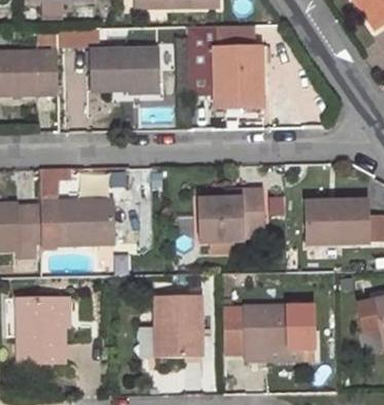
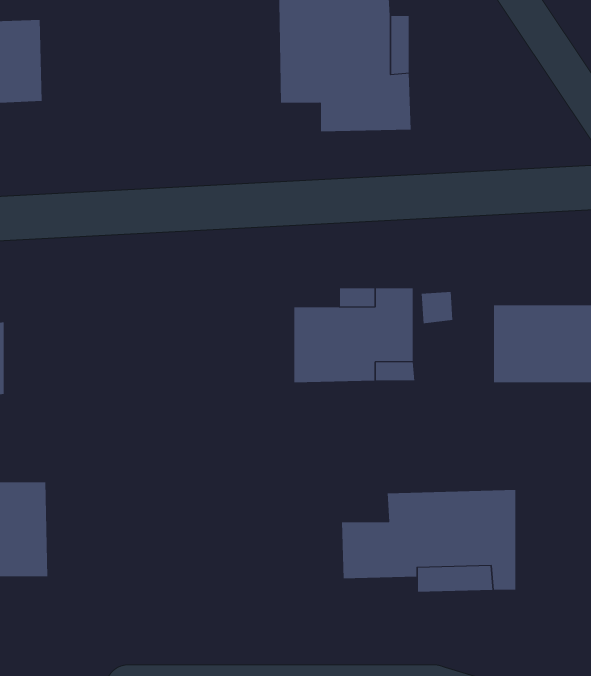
building: [87,47,155,89] -> none
building: [43,196,115,244] -> none
building: [156,295,203,351] -> none

